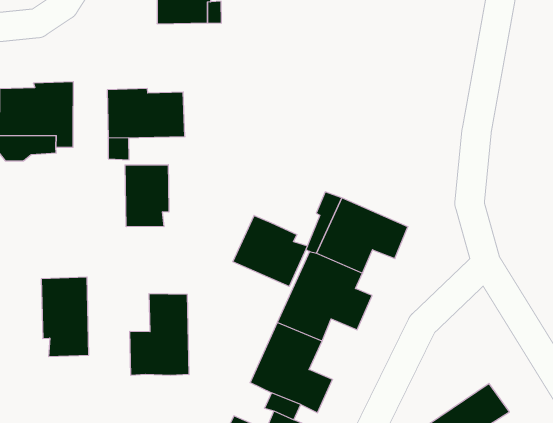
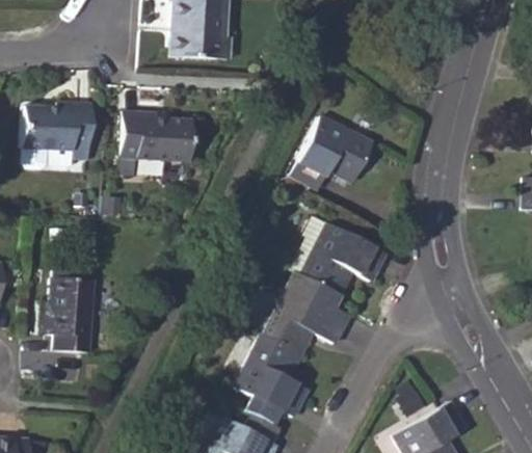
building: none -> [291,114,374,188]
building: [125,165,169,227] -> none
building: [233,215,307,286] -> none
building: [130,294,189,375] -> none

